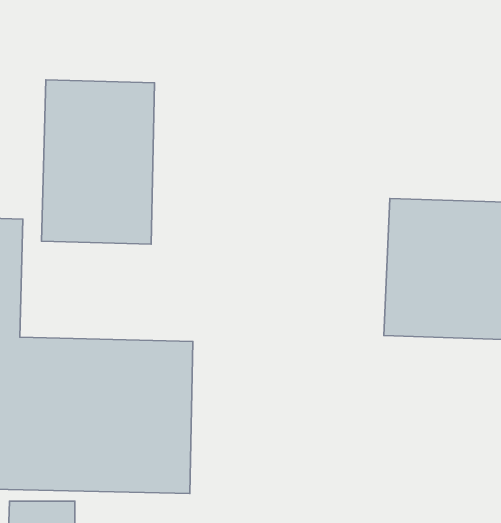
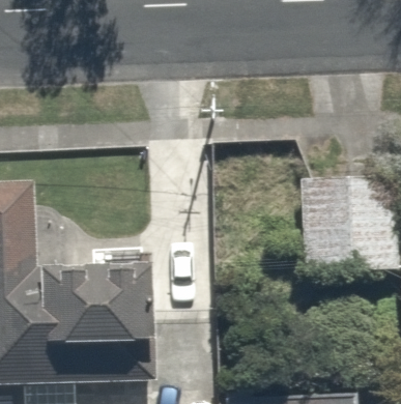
building: [41,80,155,244] -> none

